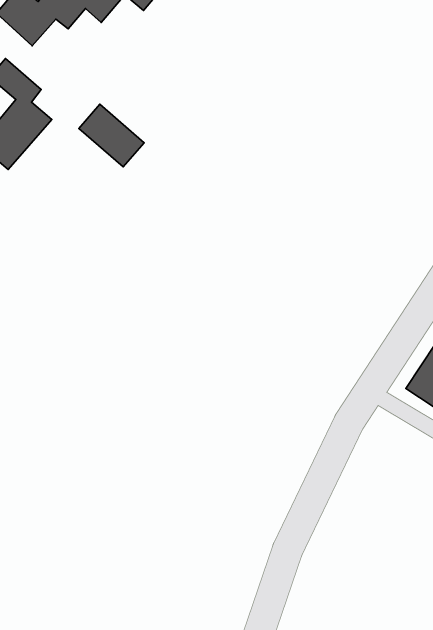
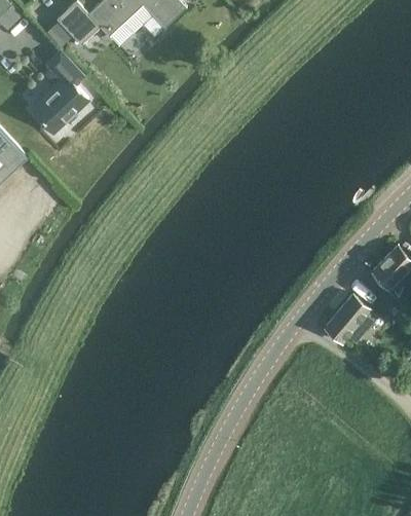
building: [79,104,144,167] -> none

